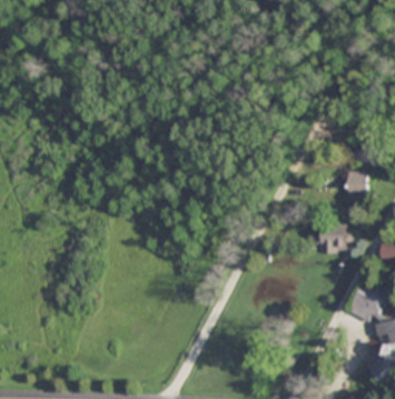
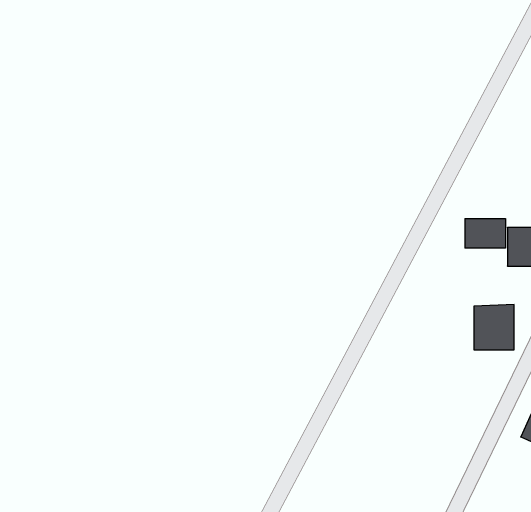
building: none -> [465,219,505,248]

